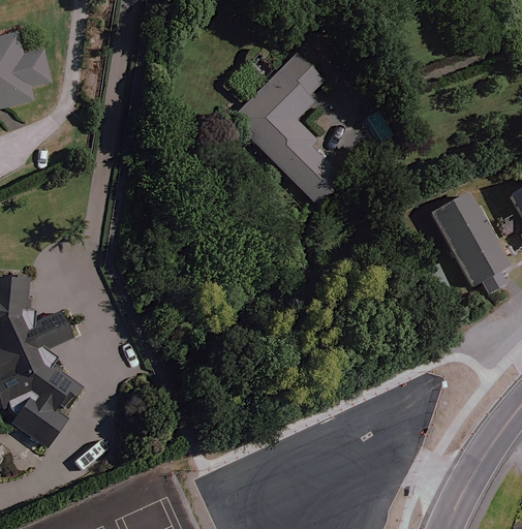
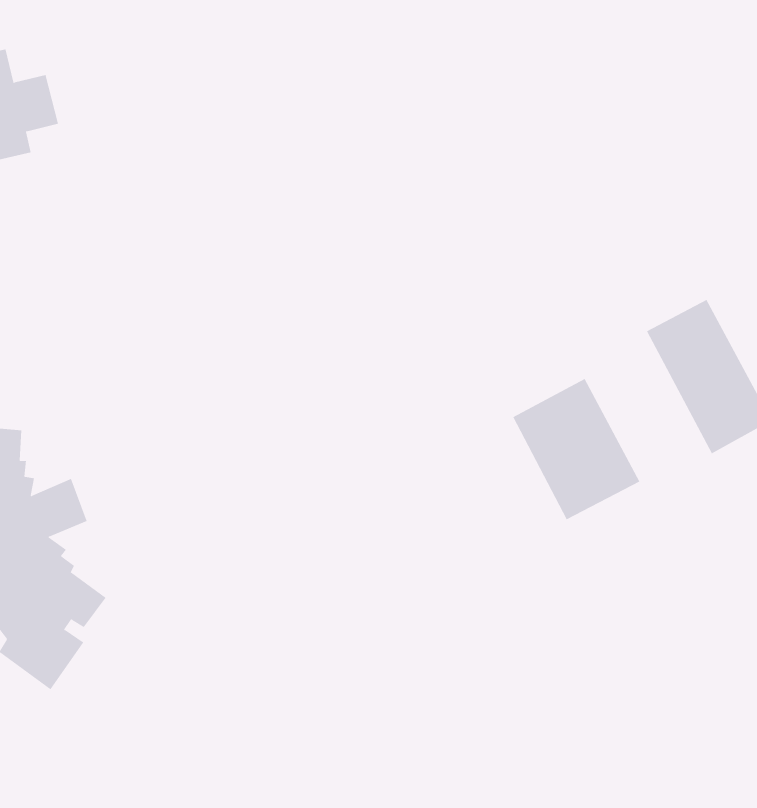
building: [232,54,345,206] -> none
building: none -> [512,378,640,520]

